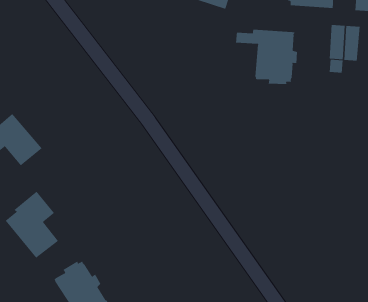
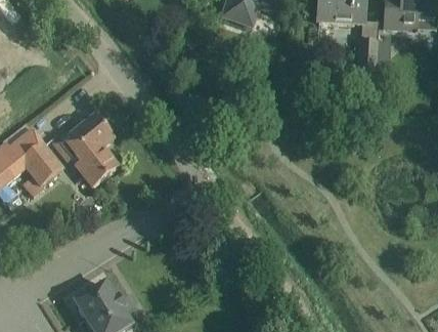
building: [235,29,297,85] -> none
building: [5,191,59,259] -> [61,115,117,184]

